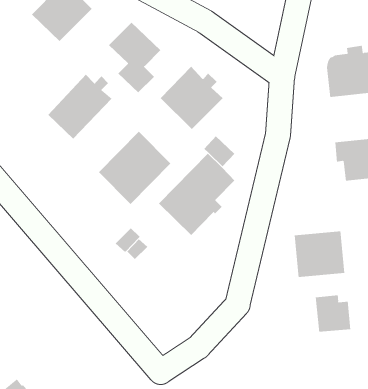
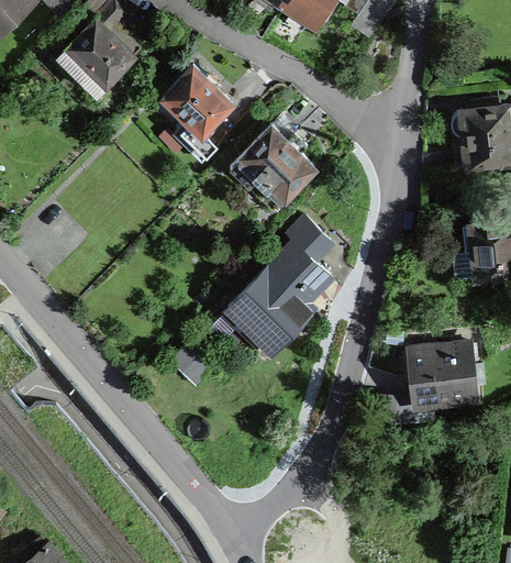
building: [47,74,112,139] -> none
building: [98,131,171,205] -> none
building: [315,295,351,332] -> none

